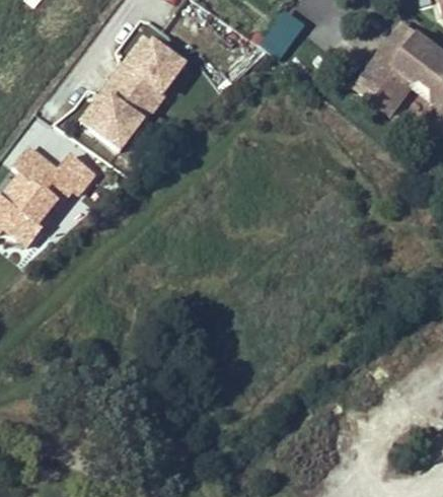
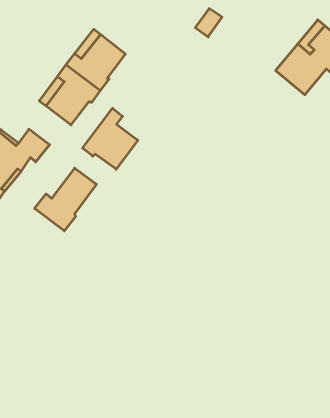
building: none -> [83,108,138,169]
building: none -> [35,168,96,231]

